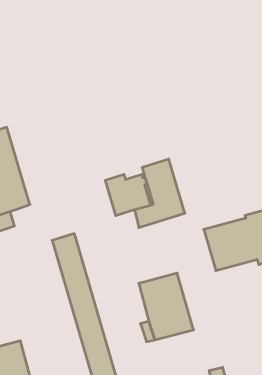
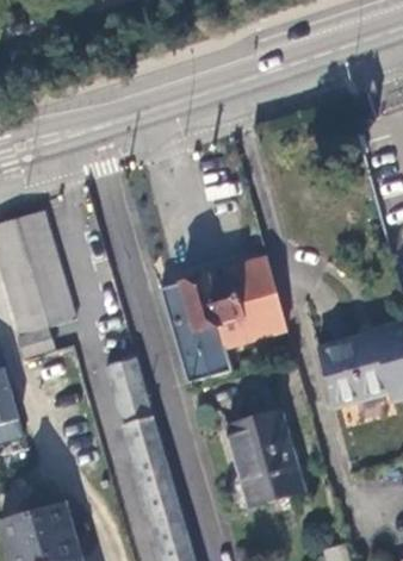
building: none -> [162,282,231,381]

